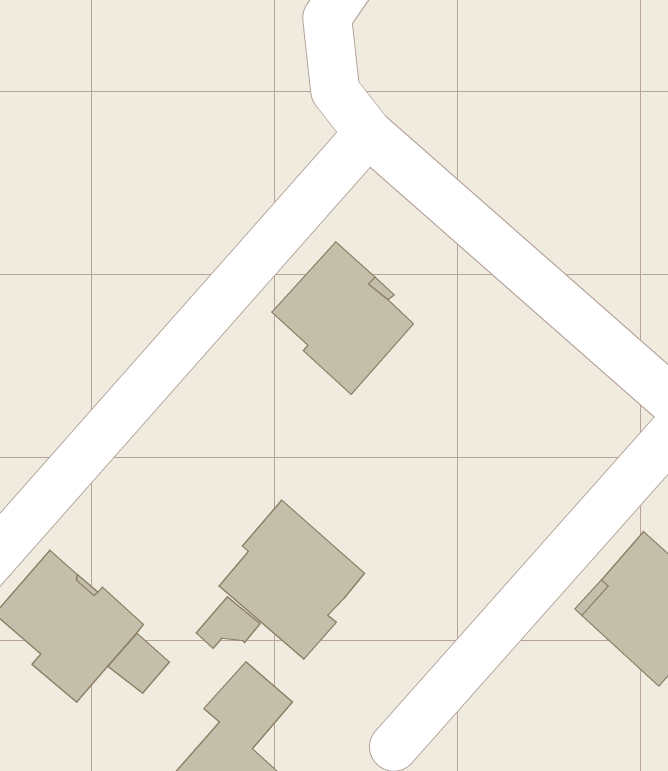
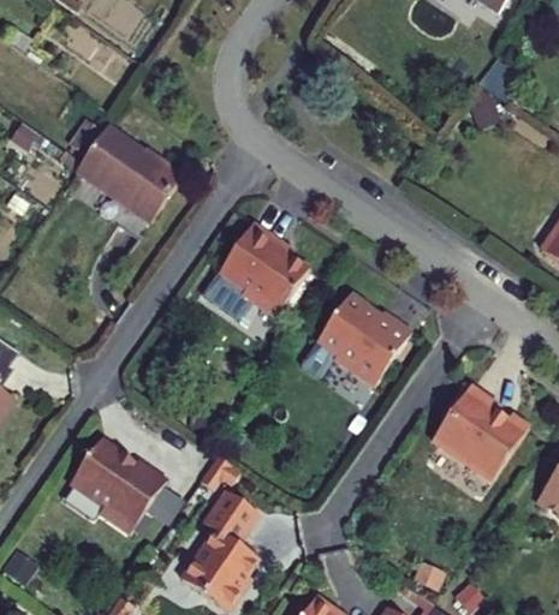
building: none -> [73,130,180,225]
building: none -> [314,291,410,384]
building: [219,500,365,659] -> none

